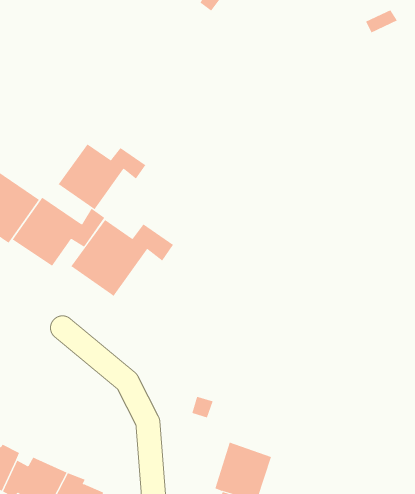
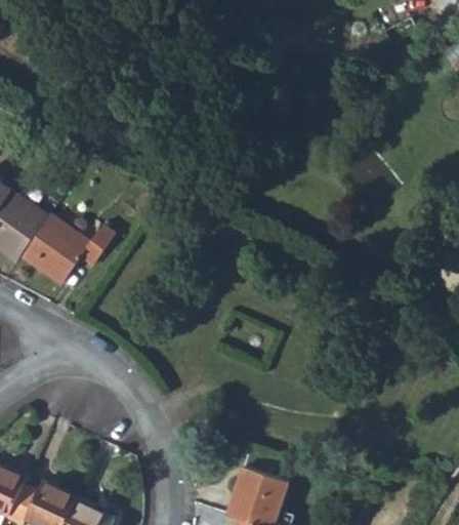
building: [58,144,146,210] -> none
building: [70,219,174,297] -> none

